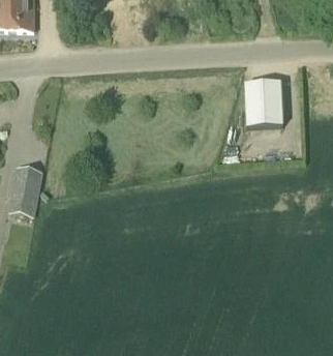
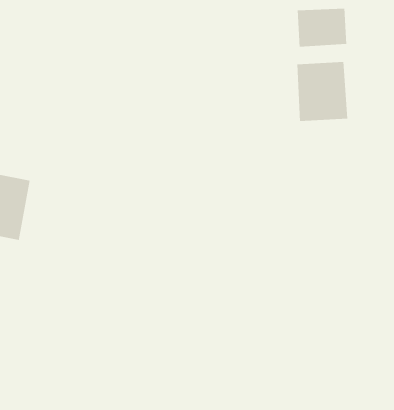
building: none -> [297,8,347,47]

